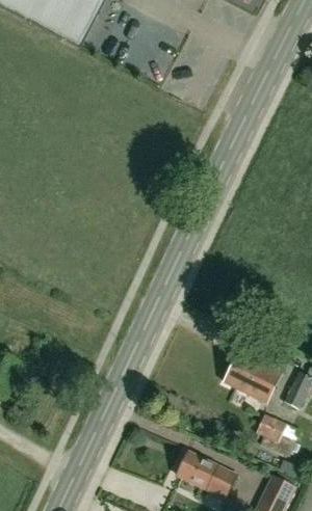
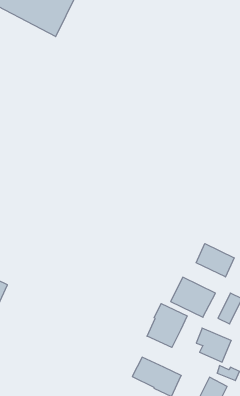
building: none -> [196,244,234,277]
building: none -> [147,304,187,347]

